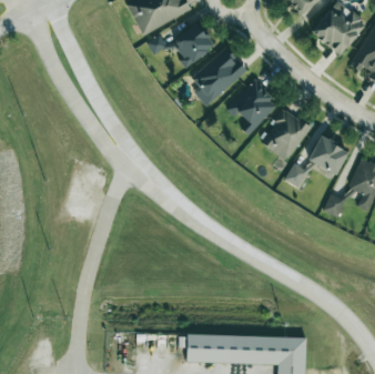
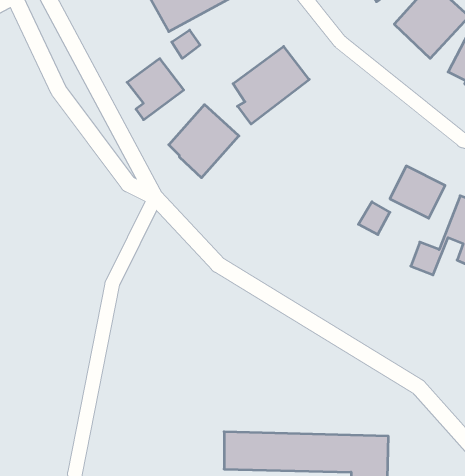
building: [172,23,214,69] -> [127,59,184,120]
building: [226,80,278,134] -> [169,105,239,178]
building: [260,109,311,162] -> none

